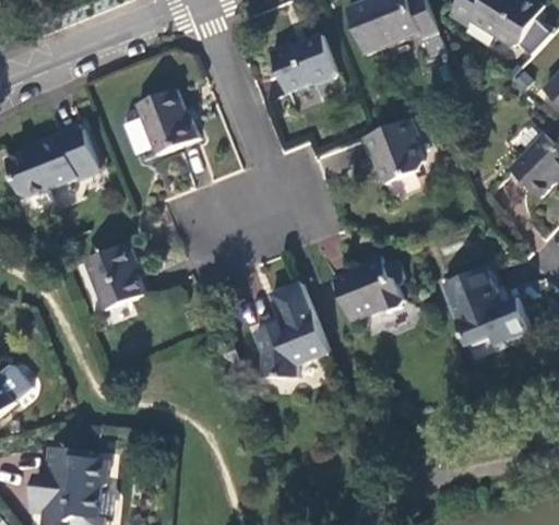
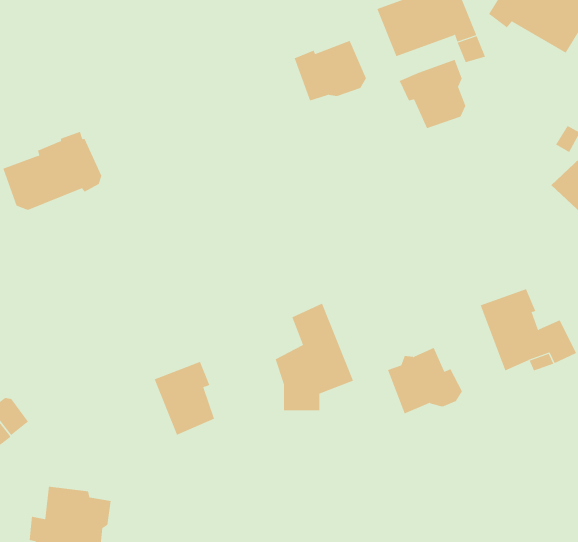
building: [136,95,199,156] -> none
building: [361,121,423,184] -> [399,59,466,129]
building: [85,244,141,312] -> [154,361,215,435]
building: [336,259,405,320] -> [387,347,463,414]

